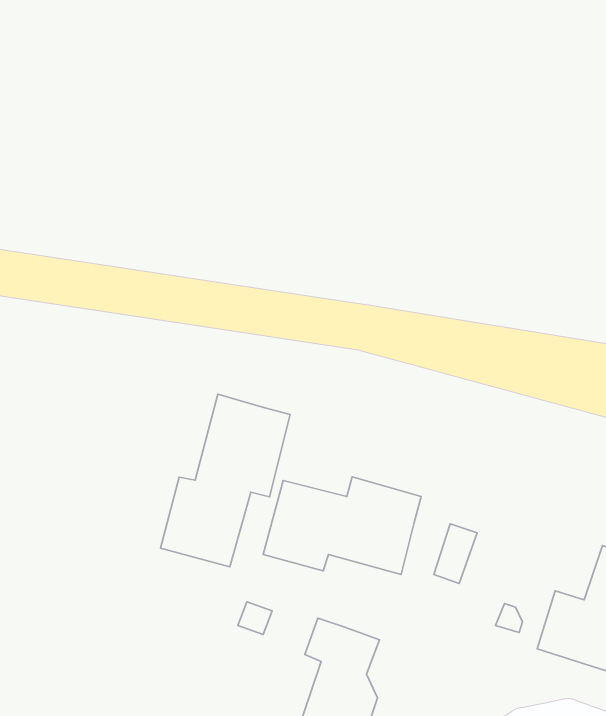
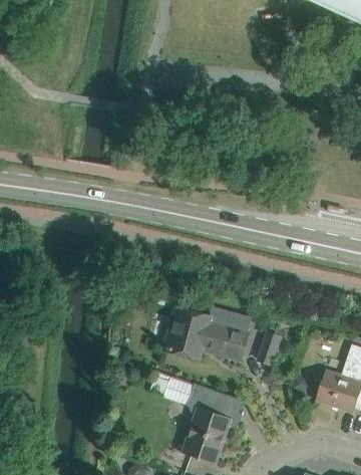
building: [161,394,290,567] -> none

